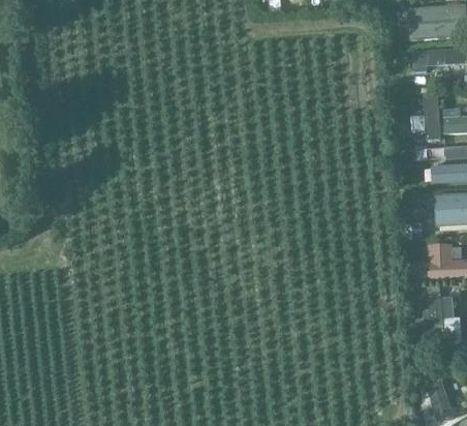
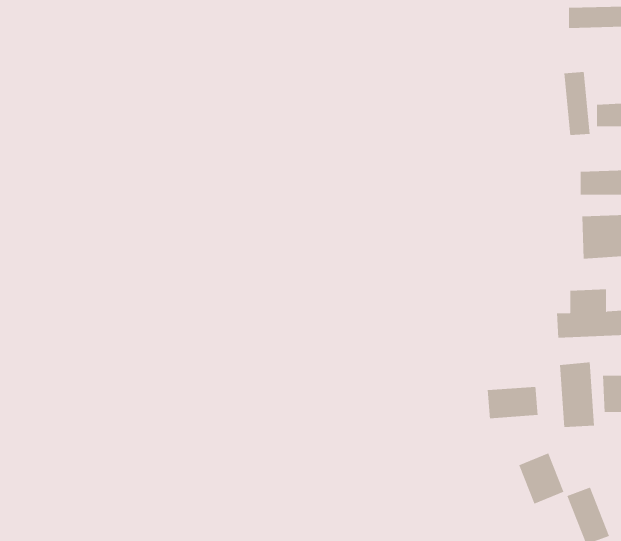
building: none -> [487,386,538,419]
building: none -> [518,453,564,504]

